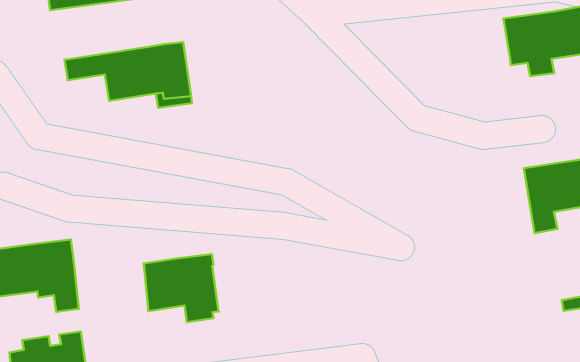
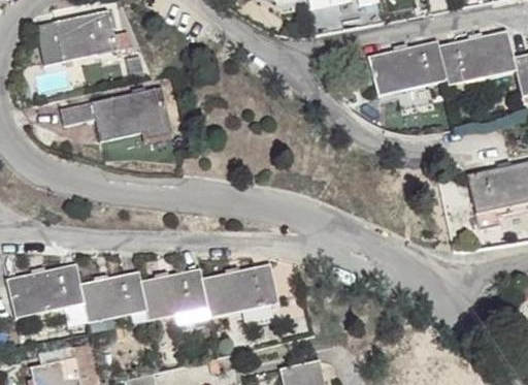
building: none -> [368,39,448,109]
building: none -> [80,269,148,333]
building: none -> [201,262,282,324]

